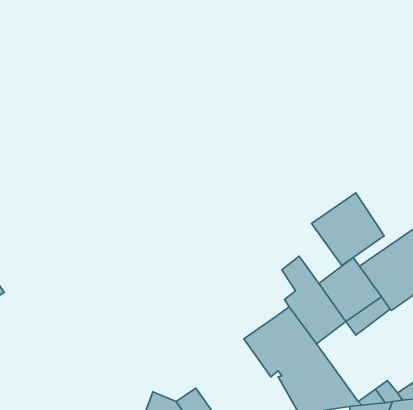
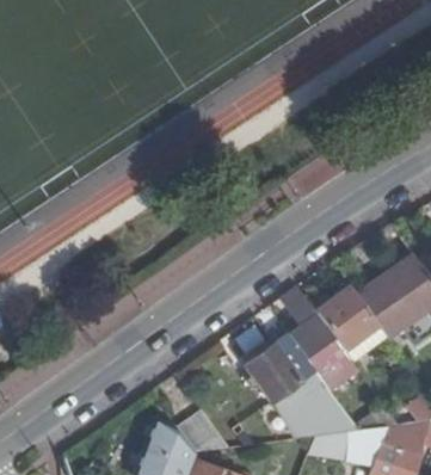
building: [312,193,384,266] -> none

